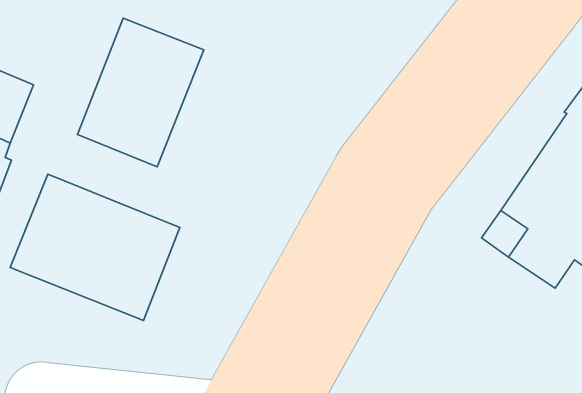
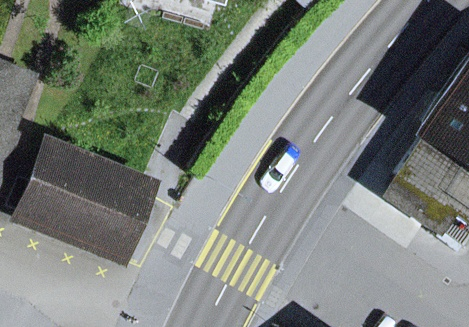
building: [77,18,204,167] -> none

